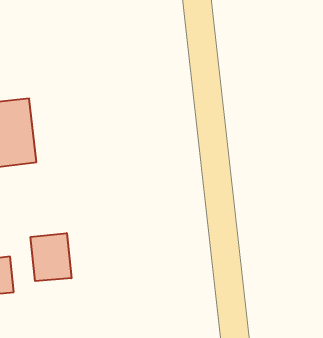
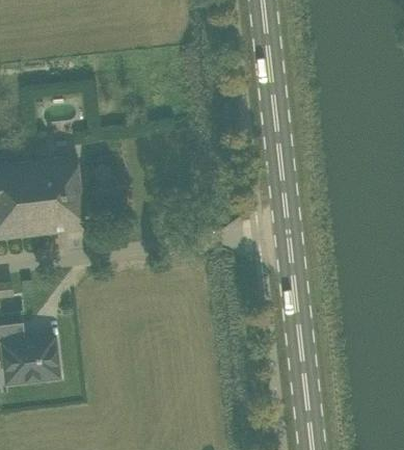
building: [31,233,71,281] -> none

